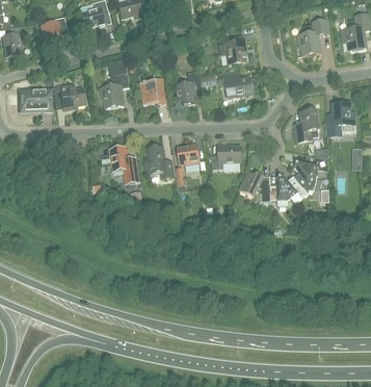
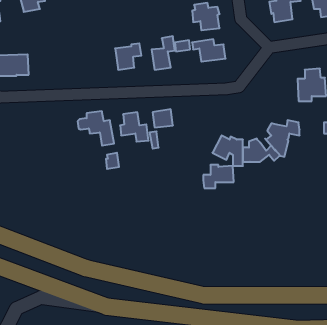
building: [100,58,130,107] -> none
building: [52,85,85,109] -> none
building: [294,111,319,141] -> none
building: [211,145,242,169] -> [203,165,234,188]

